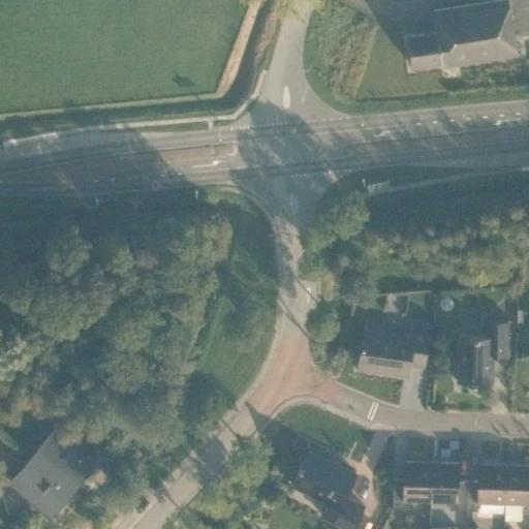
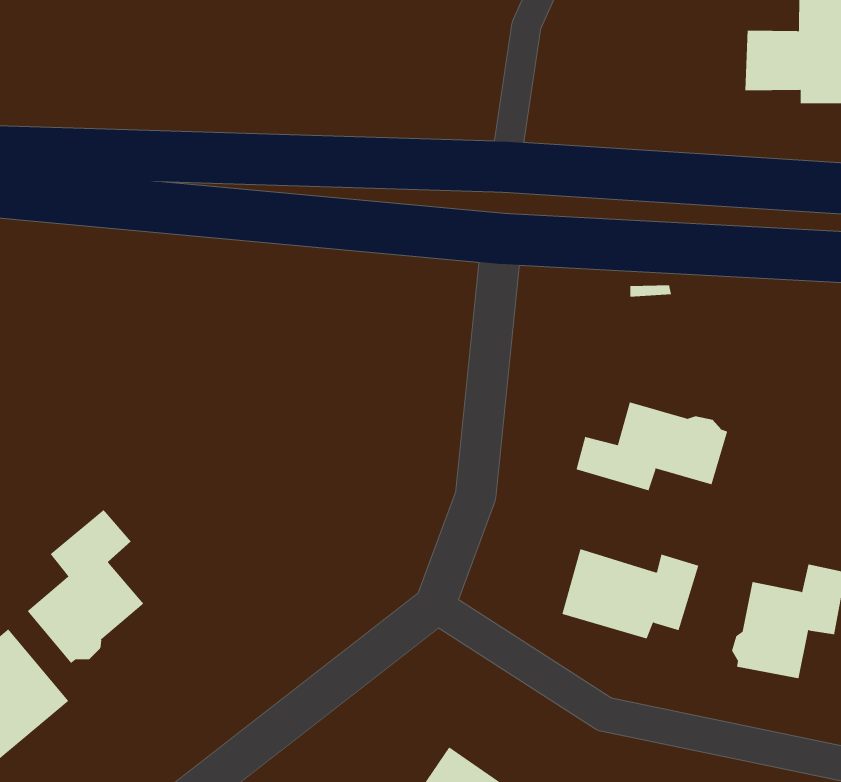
building: none -> [576,402,728,491]
building: none -> [27,509,144,664]

